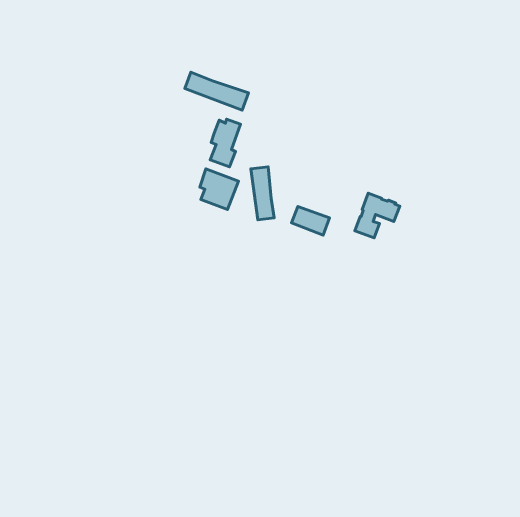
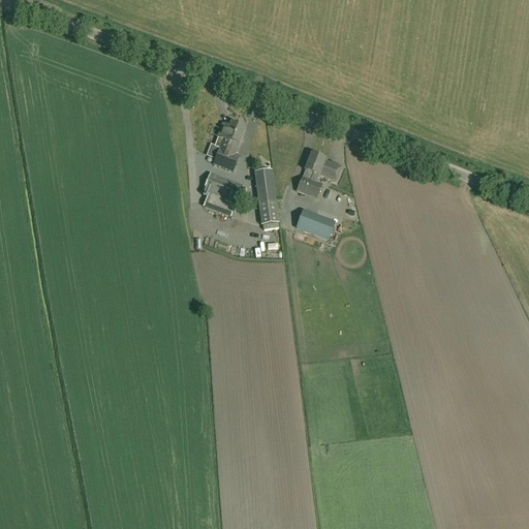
building: [185,72,248,110] -> none
building: [355,193,400,238] -> [297,152,342,197]

